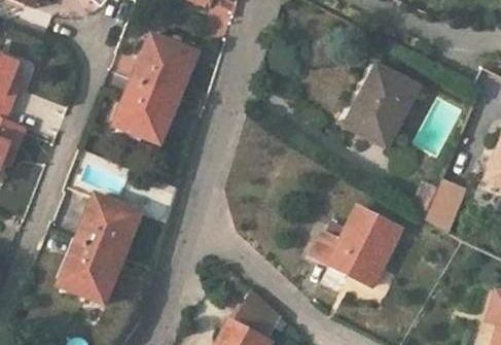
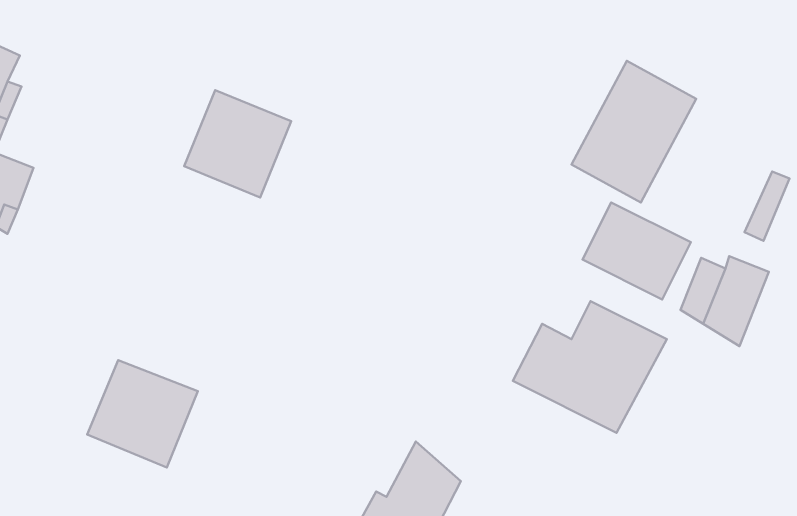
building: [134,34,198,99] -> none
building: none -> [582,202,691,300]
building: [76,194,142,260] -> none

